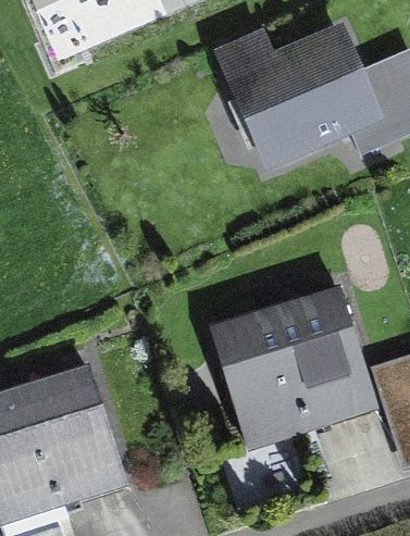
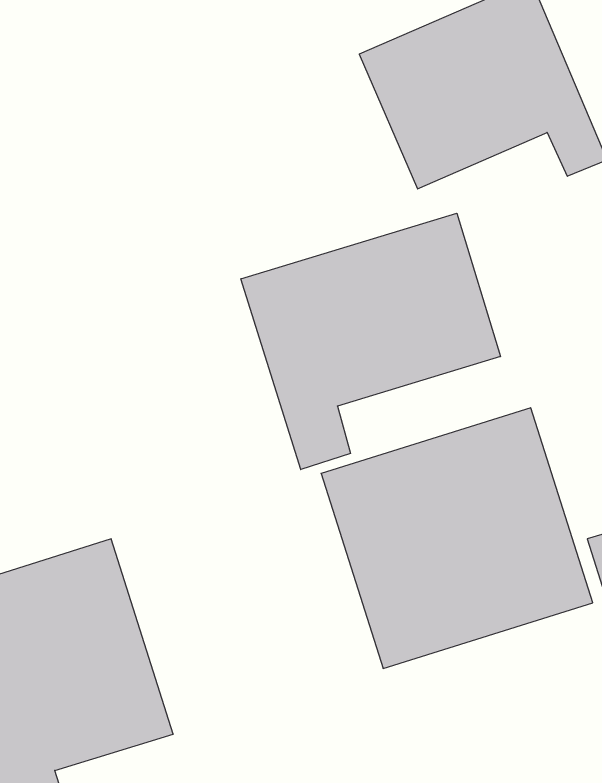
building: none -> [241,213,500,470]

